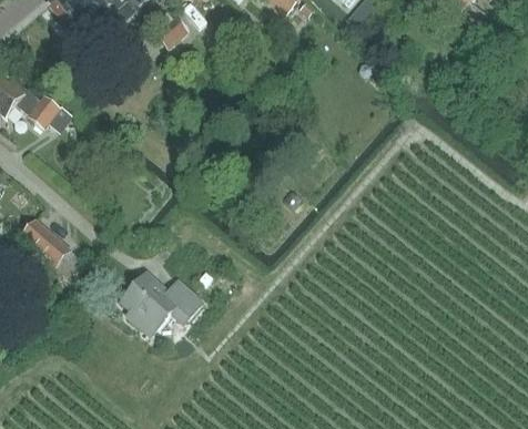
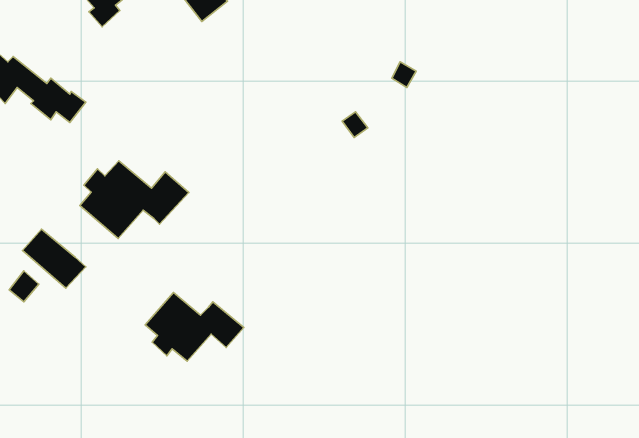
building: none -> [80,161,189,239]

